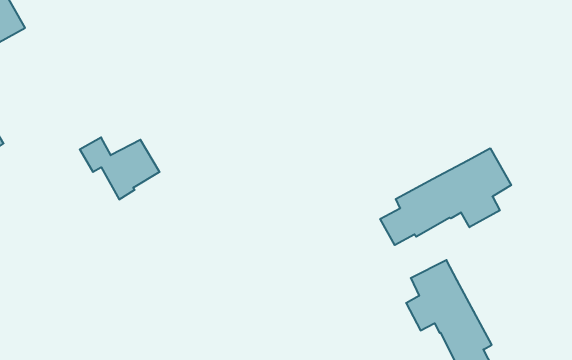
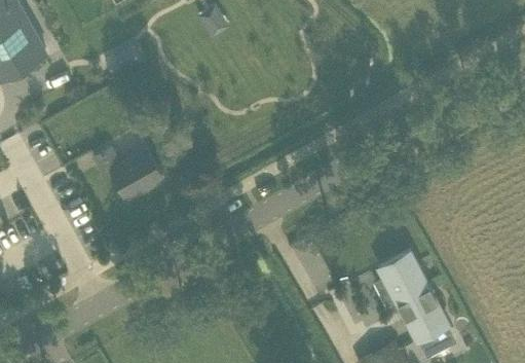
building: [380,148,511,245] -> none

